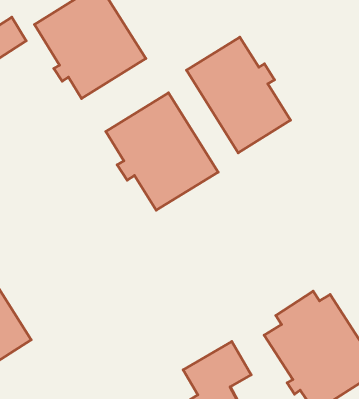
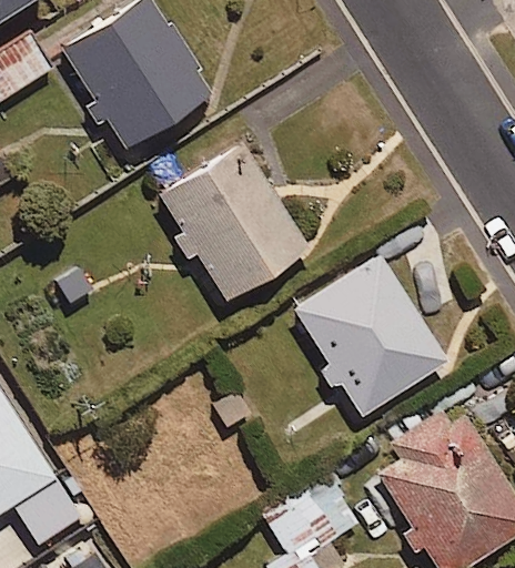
building: [187,37,291,153] -> none
building: none -> [293,256,447,416]

